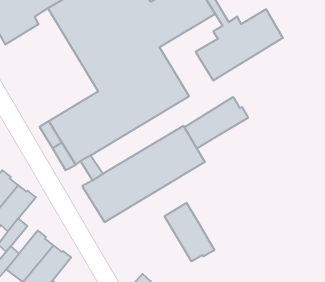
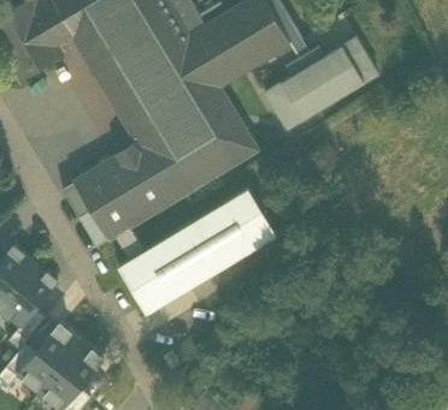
building: [184,97,248,149] -> none
building: [165,203,214,261] -> none

